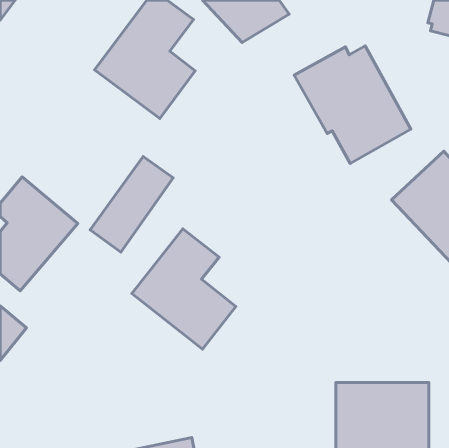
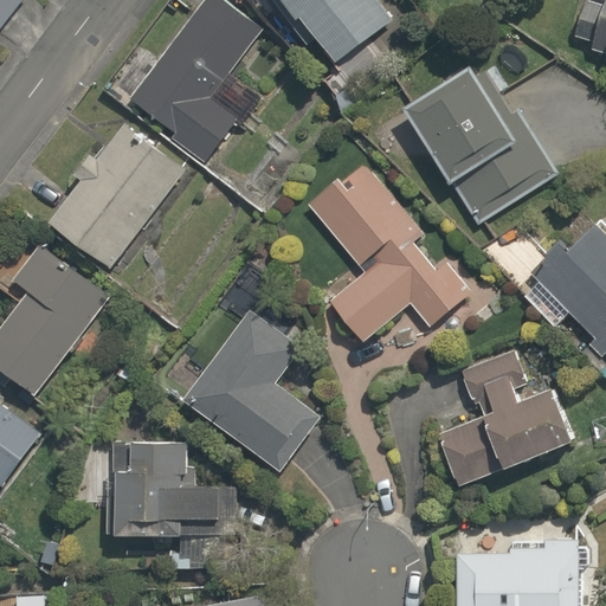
building: none -> [307,159,479,348]
building: [90,157,173,252] -> [69,142,180,270]
building: none -> [438,344,570,486]
building: none -> [112,439,219,537]

